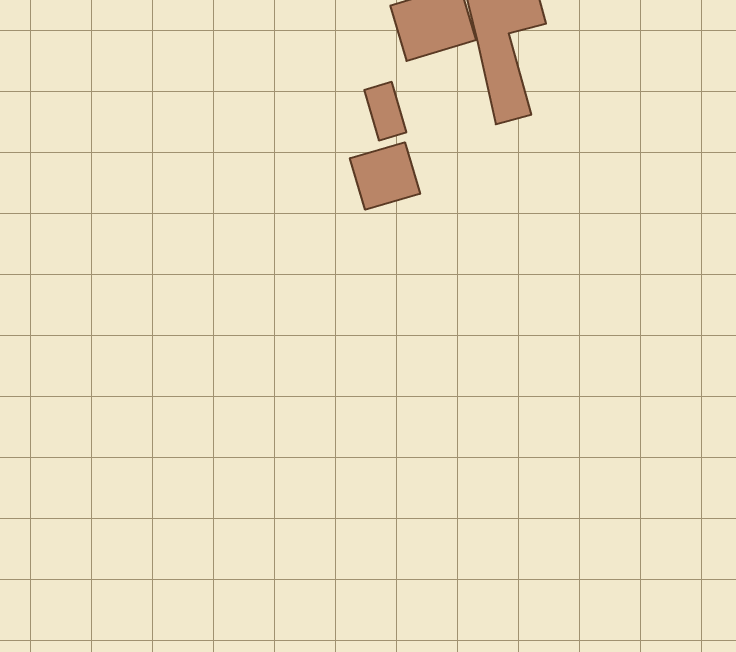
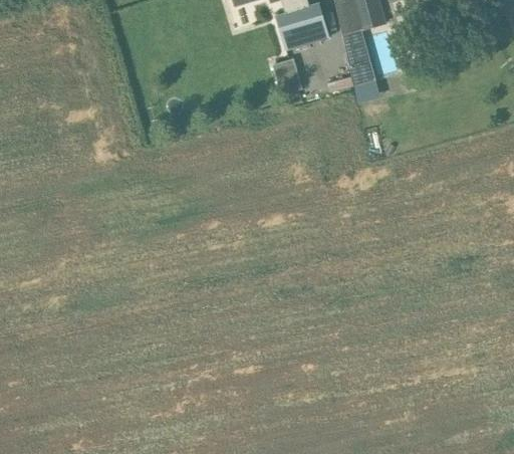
building: [350,142,420,210] -> none

